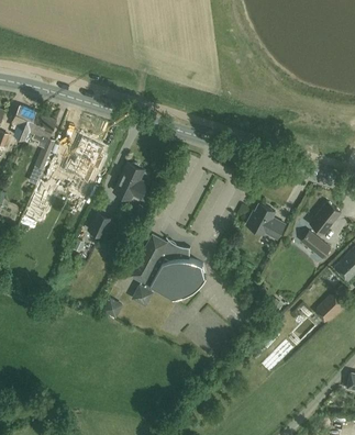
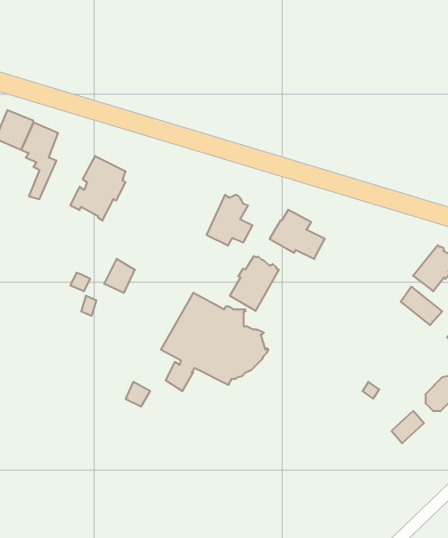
building: [114,161,147,198] -> [207,195,253,246]
building: [245,203,285,238] -> [270,210,325,259]
building: none -> [230,256,279,311]

